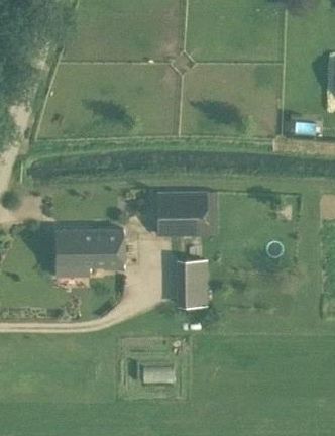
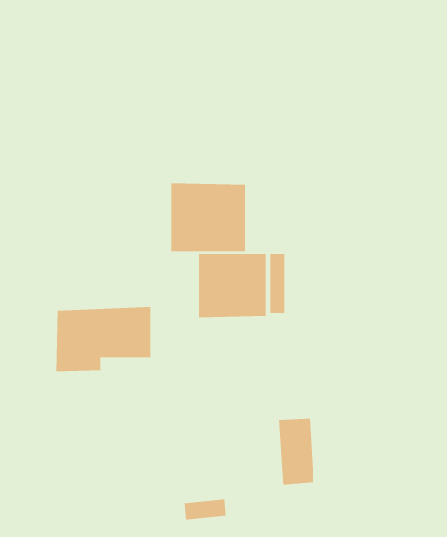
building: none -> [171,183,245,252]
building: [180,260,205,308] -> [278,418,314,485]

